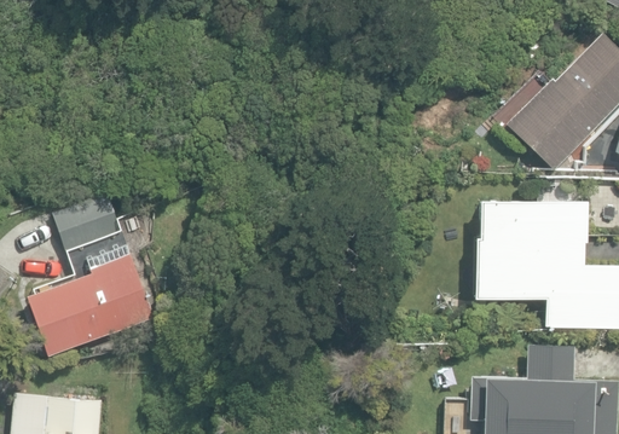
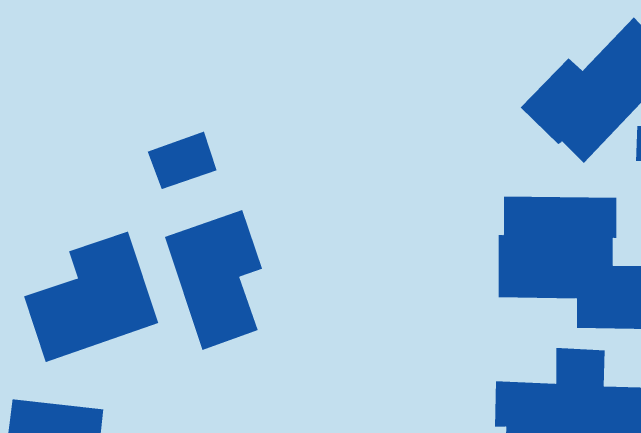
building: [54,195,121,250] -> [147,131,217,190]
building: none -> [164,209,263,351]

